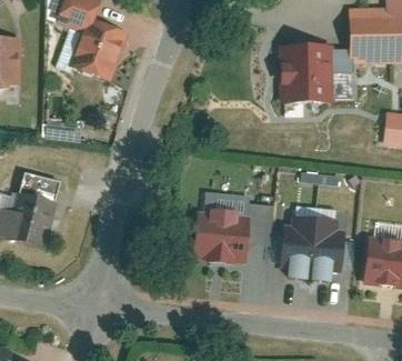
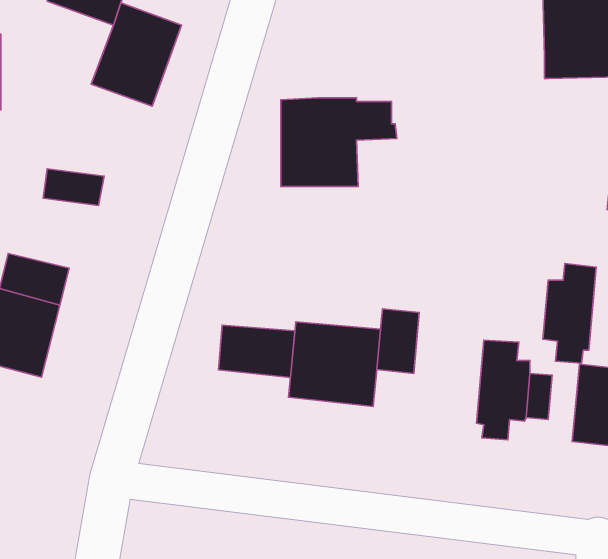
building: [280,49,350,102] -> [281,98,397,186]
building: none -> [218,325,295,377]
building: [278,220,310,280] -> [543,264,596,363]

